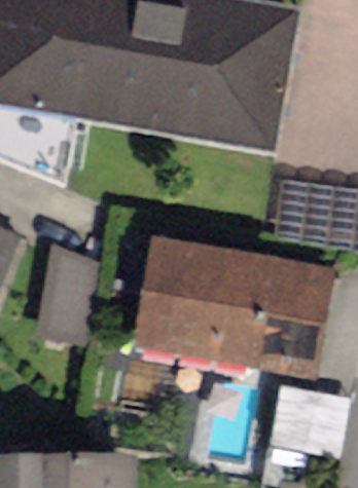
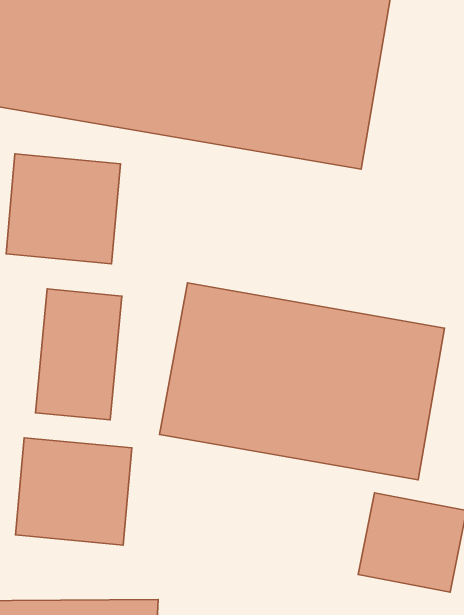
building: none -> [6,154,120,264]
building: none -> [16,438,132,545]

